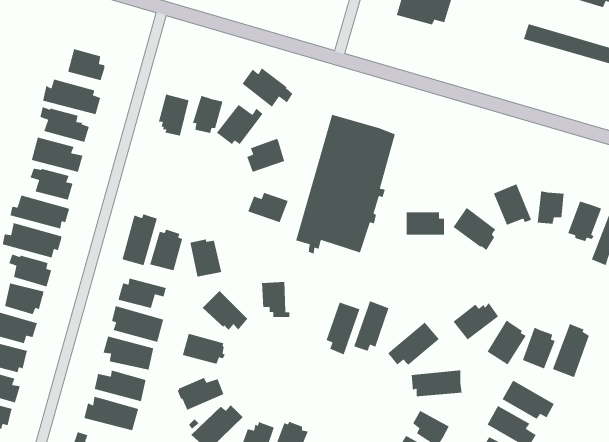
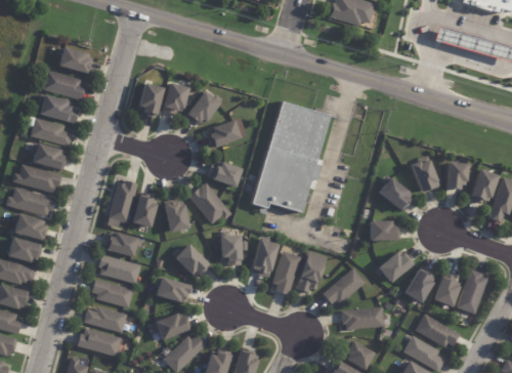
building: [241,67,293,108] -> none
building: [406,212,445,235] -> [368,220,399,240]
building: none -> [189,182,231,223]
building: none -> [252,239,279,277]

